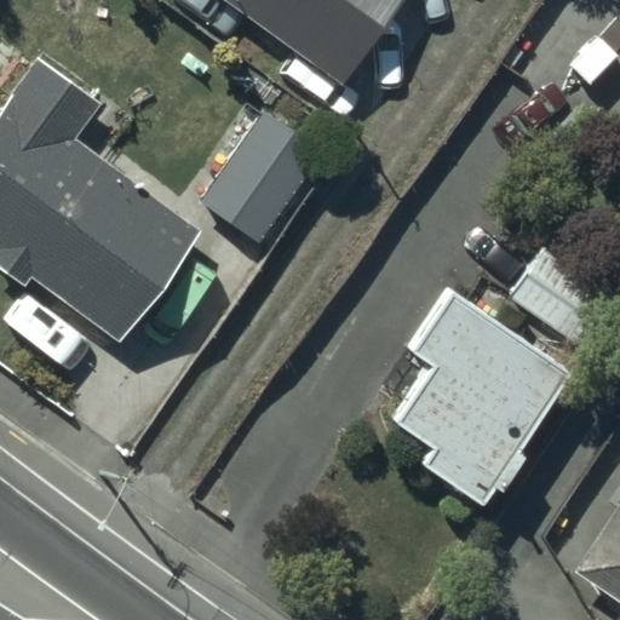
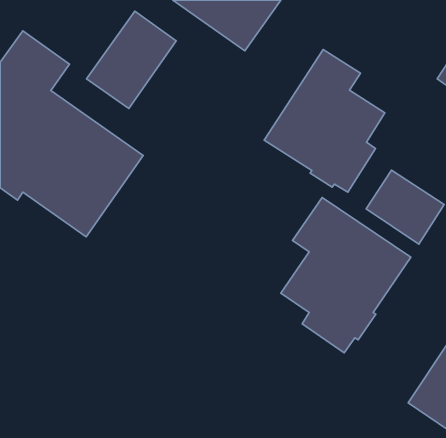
building: none -> [264,50,385,192]
building: [201,111,325,246] -> [87,11,176,109]

